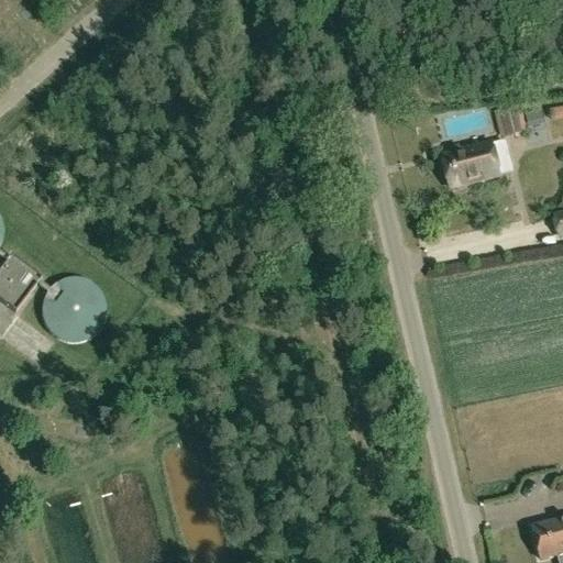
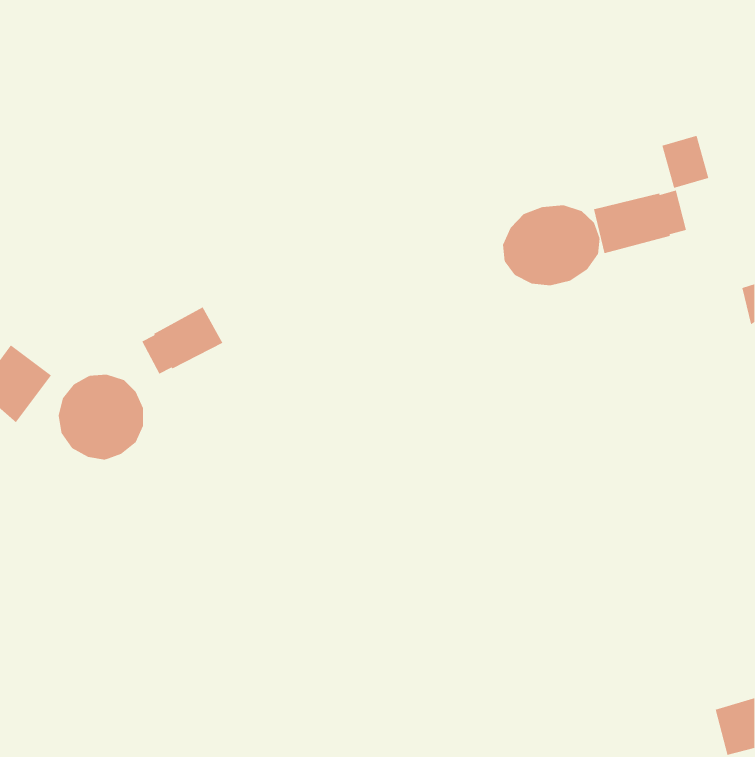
building: none -> [502,205,600,286]
building: none -> [141,307,223,375]

